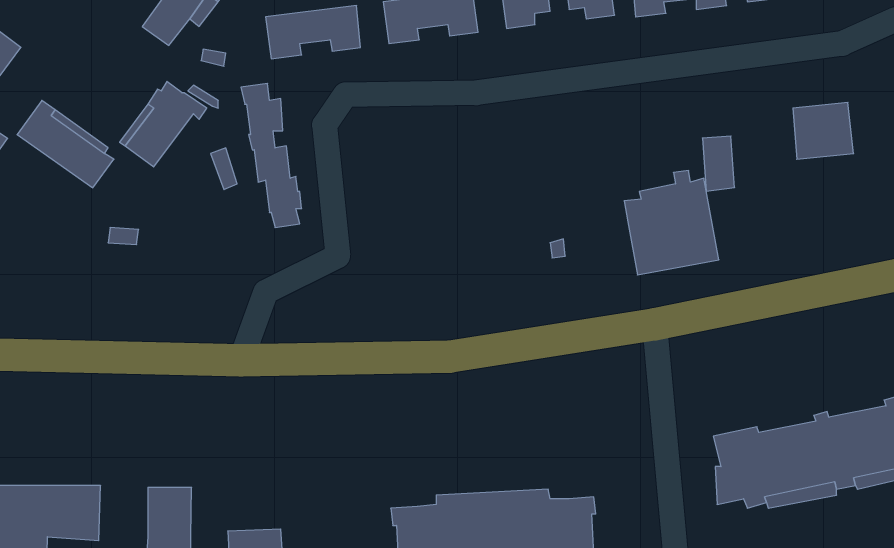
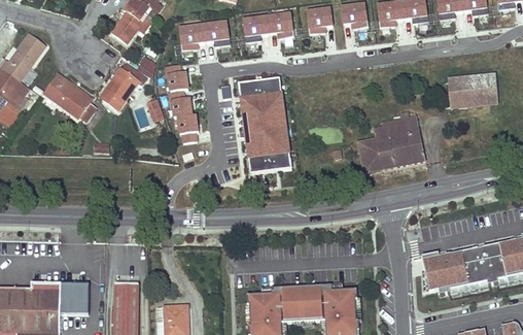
building: none -> [239,77,291,172]
building: [702,136,735,191] -> [449,76,466,106]
building: none -> [359,138,380,170]

